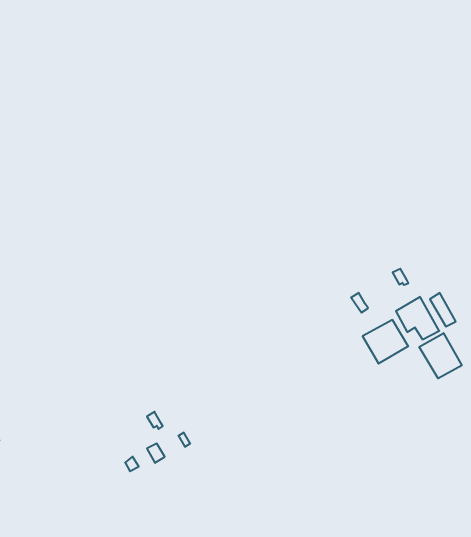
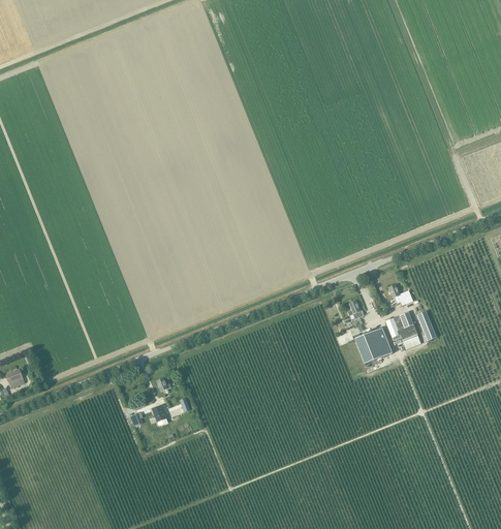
building: [419,333,462,378] -> none

